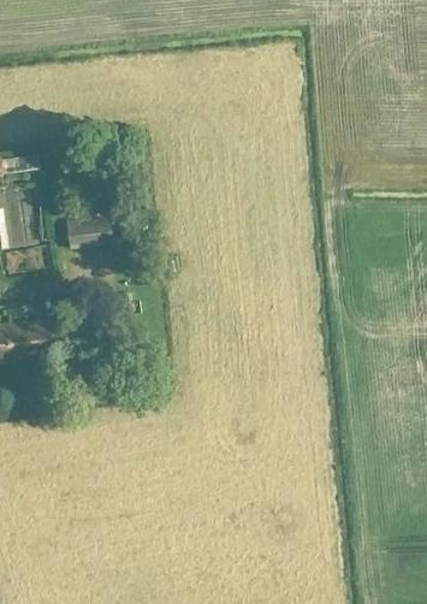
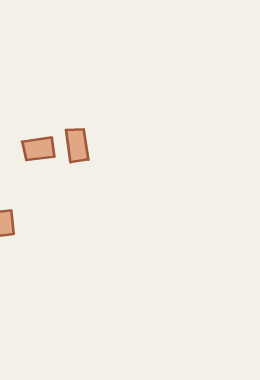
building: none -> [66,129,88,162]

